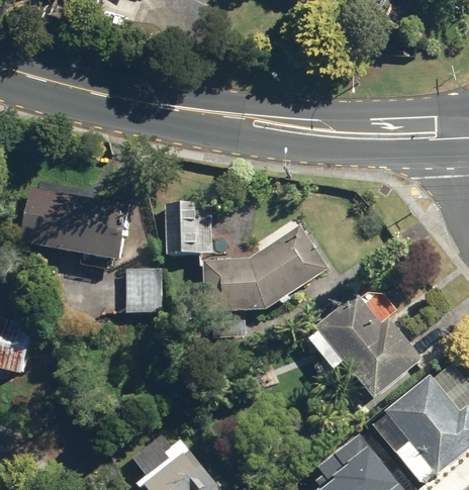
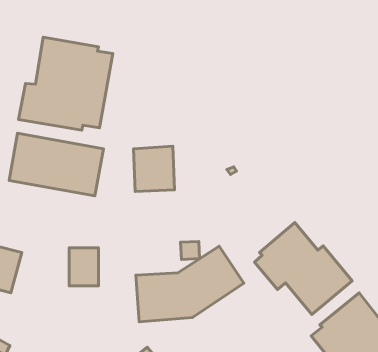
building: none -> [19,37,113,130]
building: [200,224,327,313] -> [136,246,244,322]
building: [126,267,161,311] -> [69,248,98,286]

